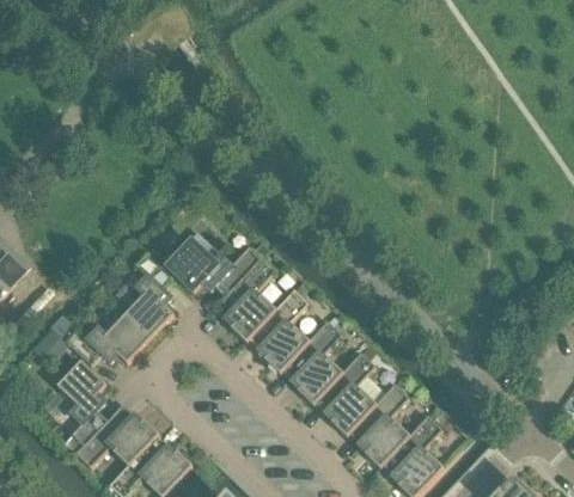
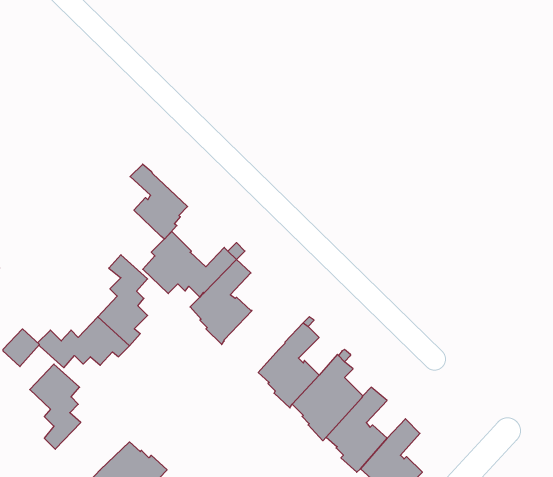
building: none -> [130,164,188,239]
building: [248,288,307,373] -> none
building: [74,404,158,466] -> none

